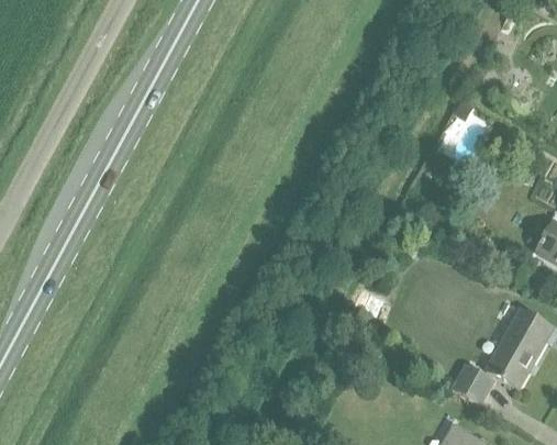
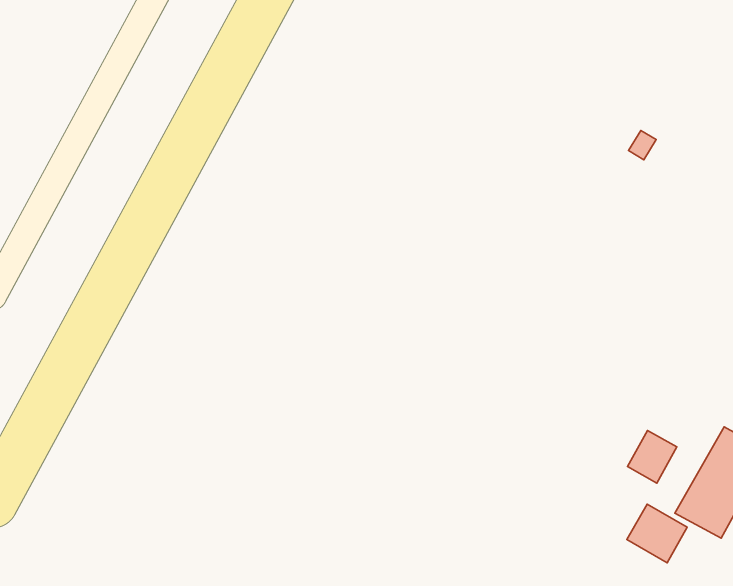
building: none -> [628,430,677,483]

